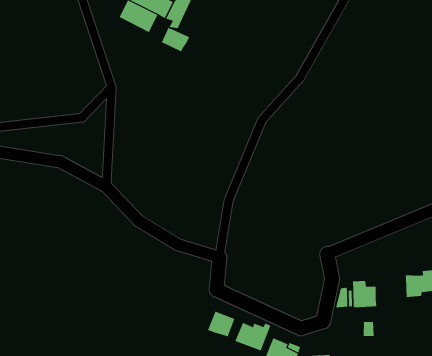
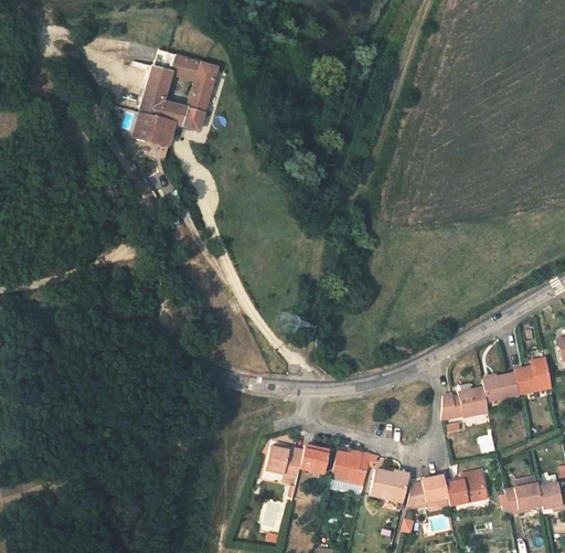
building: [161,27,190,52] -> none
building: none -> [479,375,516,405]
building: none -> [260,447,301,476]

